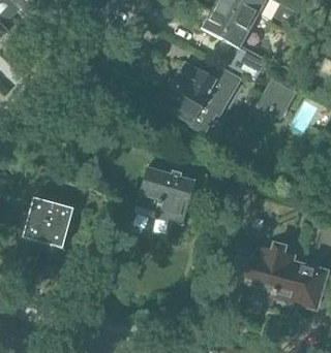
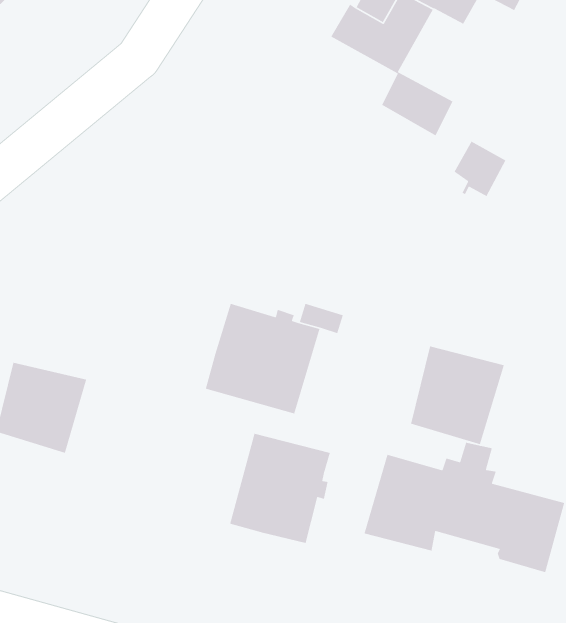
building: [157,64,239,130] -> none
building: none -> [410,345,505,445]
building: none -> [229,433,331,544]

